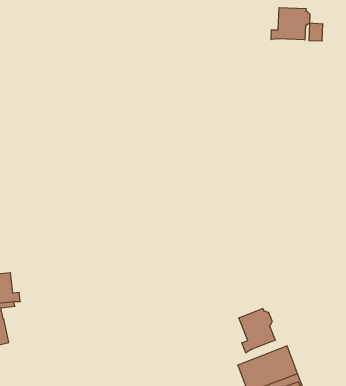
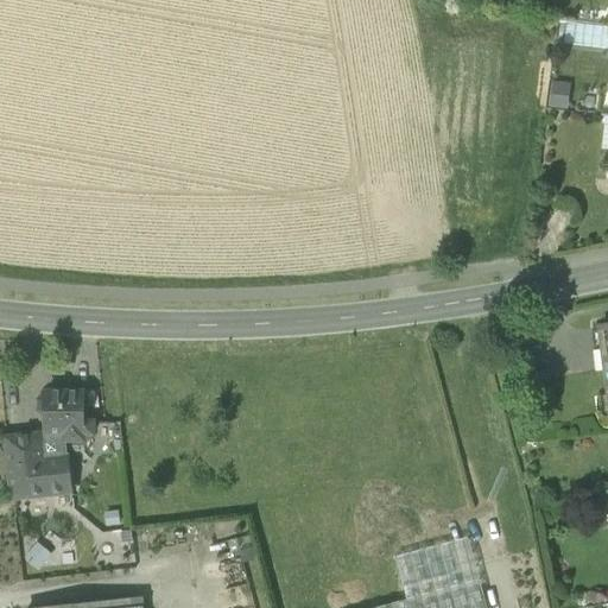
building: [271,8,310,40] -> none
building: [239,308,275,353] -> none

